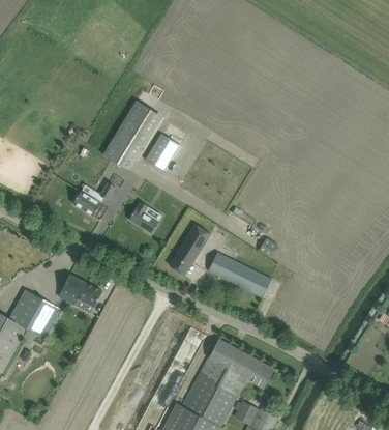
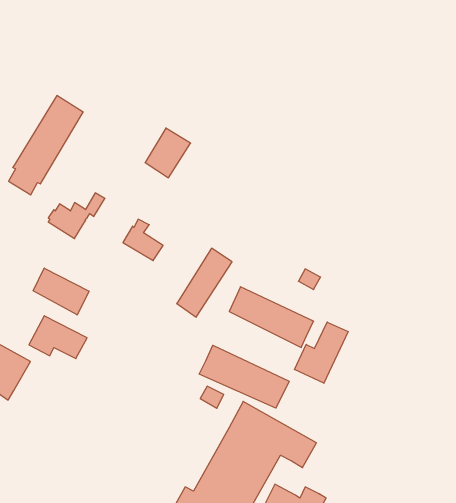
building: [99,101,155,175] -> [9,96,83,195]
building: none -> [33,268,89,315]
building: none -> [295,322,348,383]
building: none -> [199,345,289,408]

